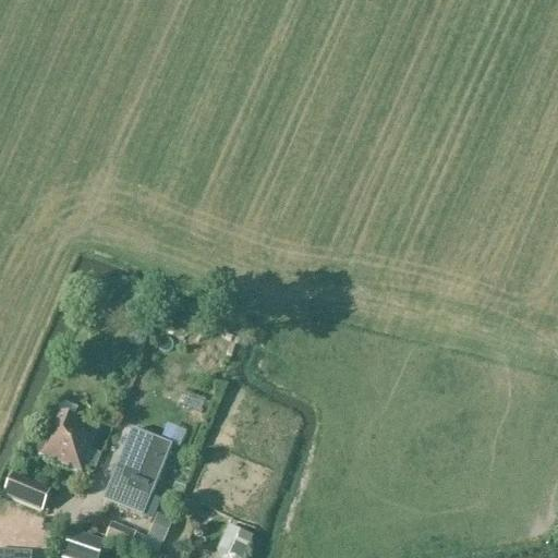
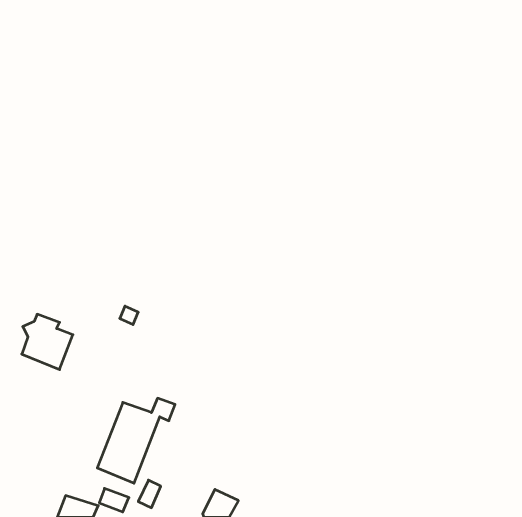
building: [41,410,96,469] -> [22,314,73,370]
building: [5,473,50,508] -> none

